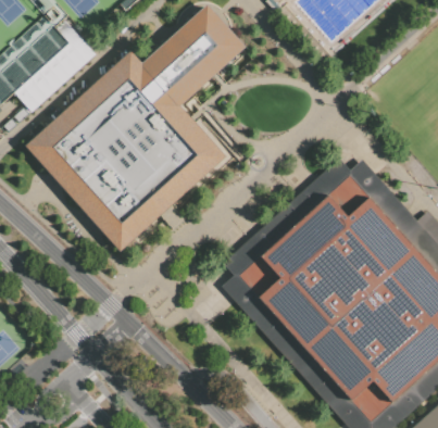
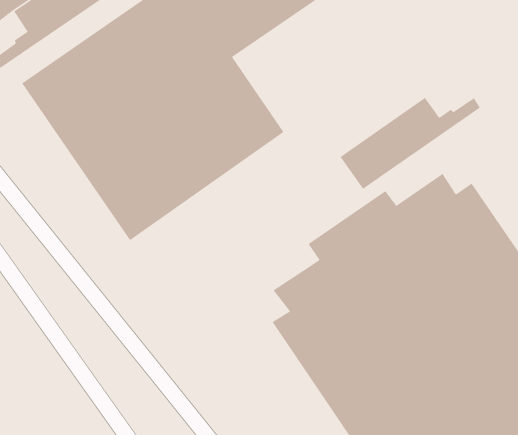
building: none -> [339,97,481,190]

